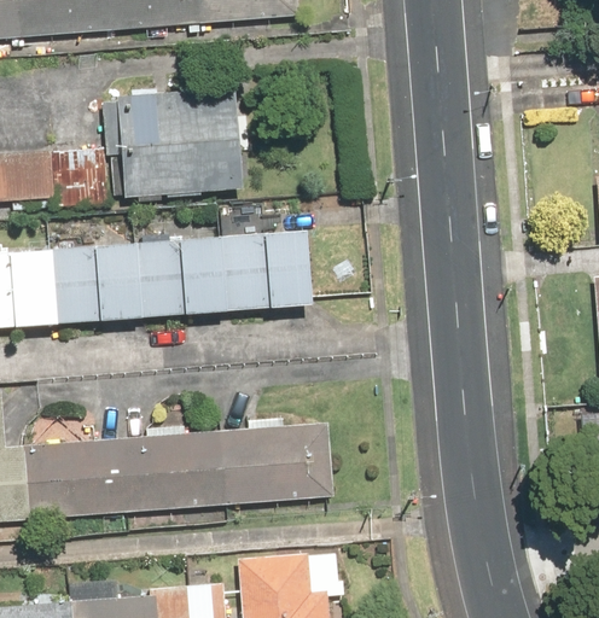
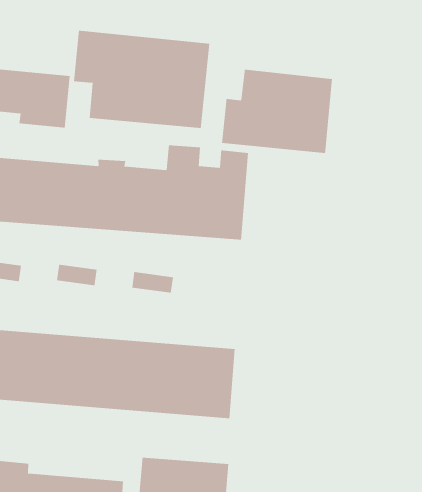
building: none -> [222,69,333,154]

